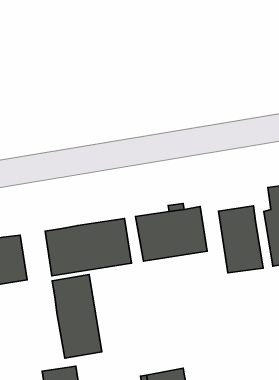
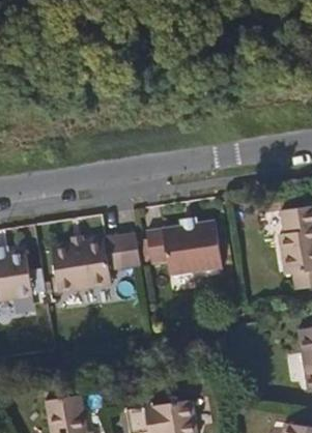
building: [218,206,263,273] -> none
building: [52,275,102,358] -> none

